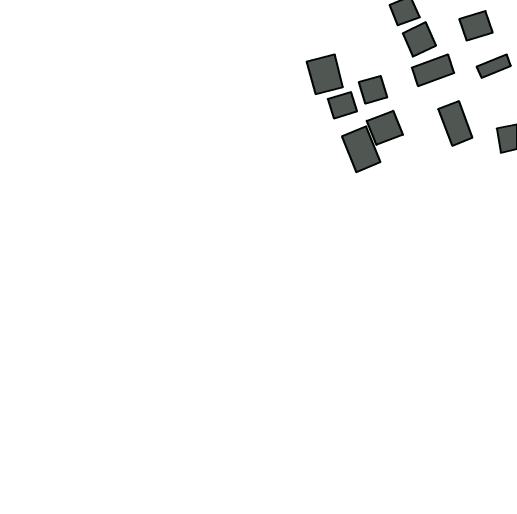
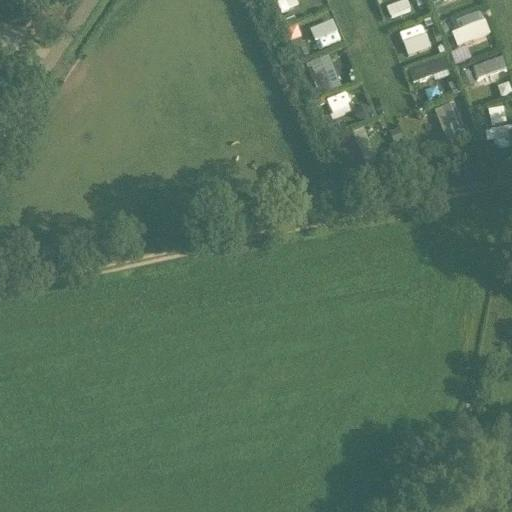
building: [359,76,387,104] -> none
building: [367,111,403,145] -> none

